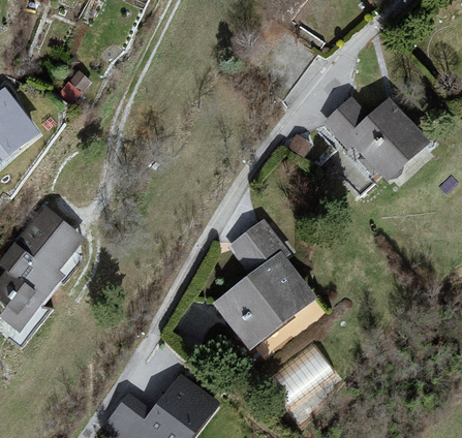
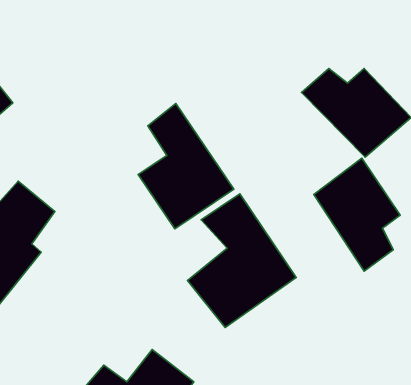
building: none -> [138,103,234,229]
building: none -> [314,158,400,271]

